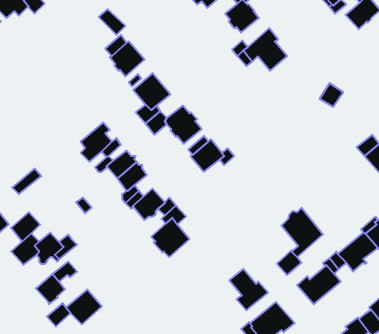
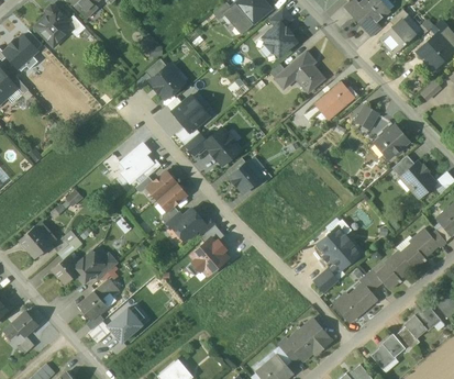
building: none -> [313,82,353,120]
building: none -> [375,125,408,158]
building: [229,269,268,310] -> none

